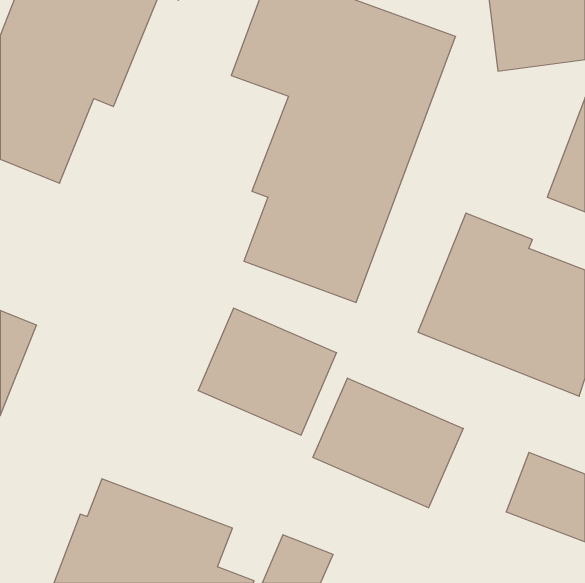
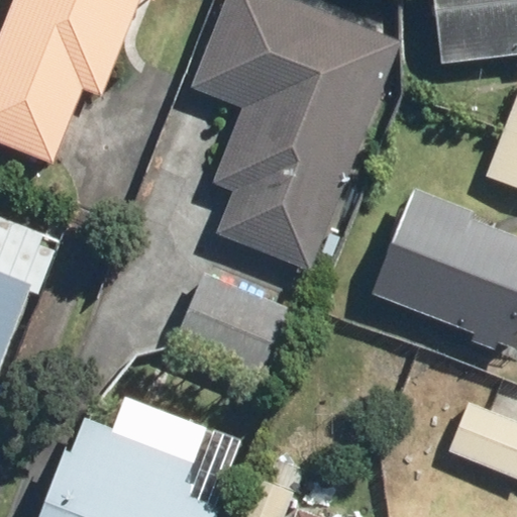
building: [313,378,463,508] -> none

